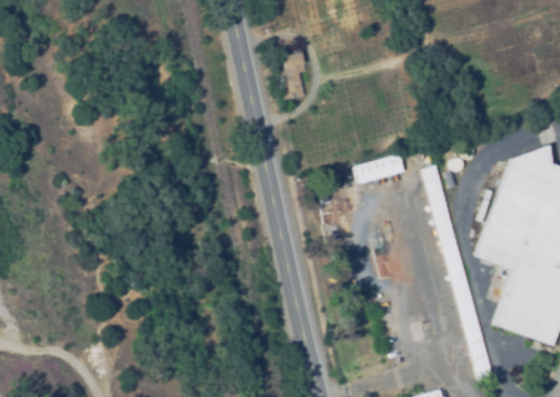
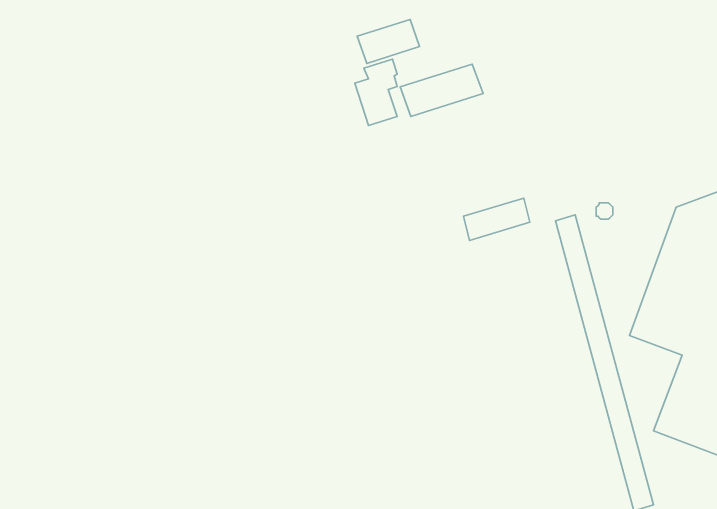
building: none -> [357,20,420,63]
building: none -> [400,64,483,116]

